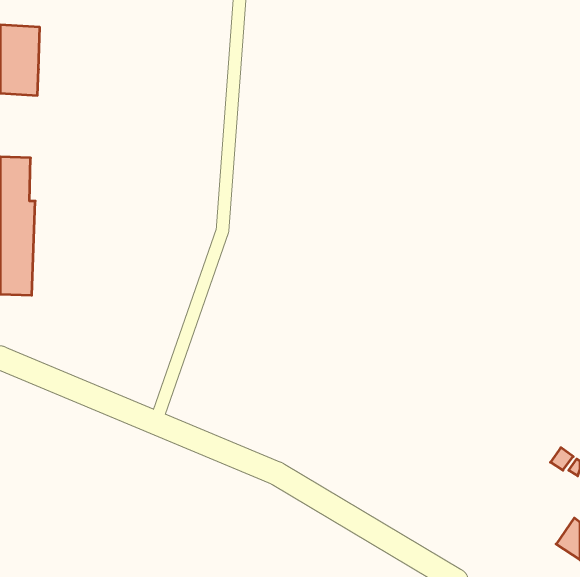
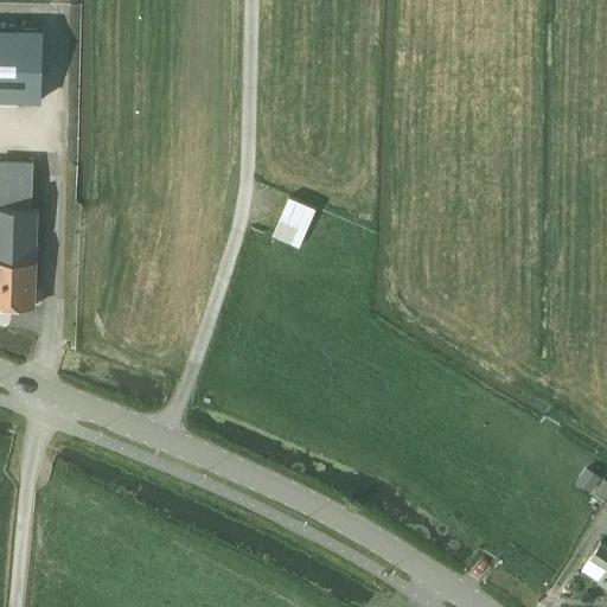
building: none -> [273,199,313,248]

